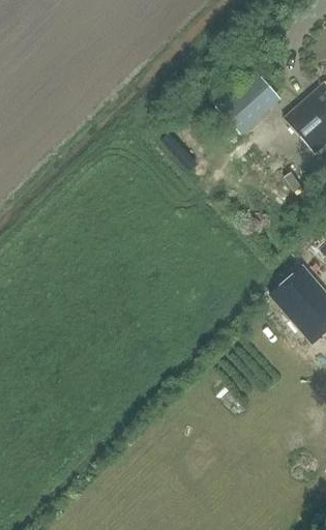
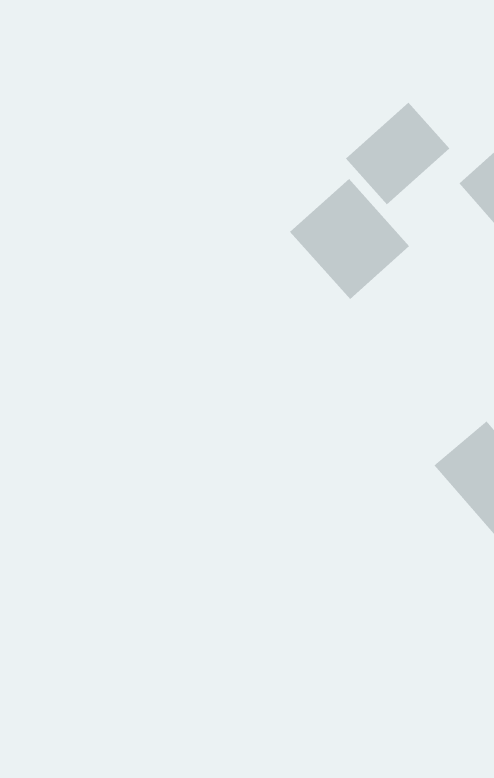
building: none -> [289,178,410,300]

